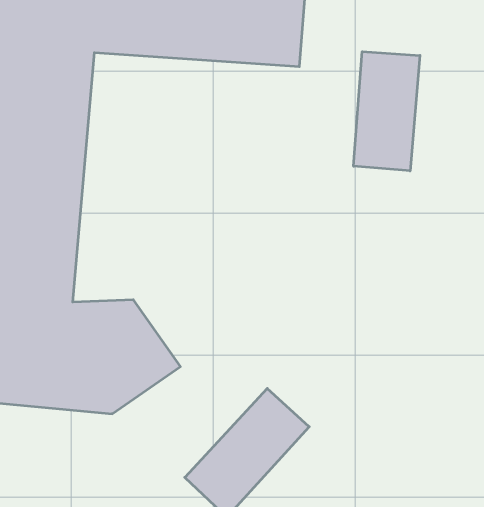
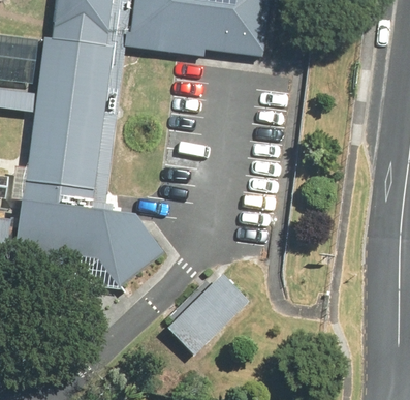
building: [354,52,420,171] -> none

